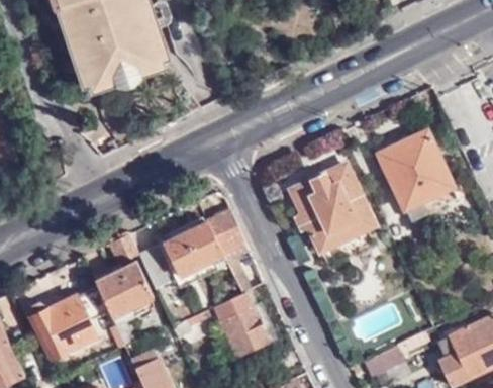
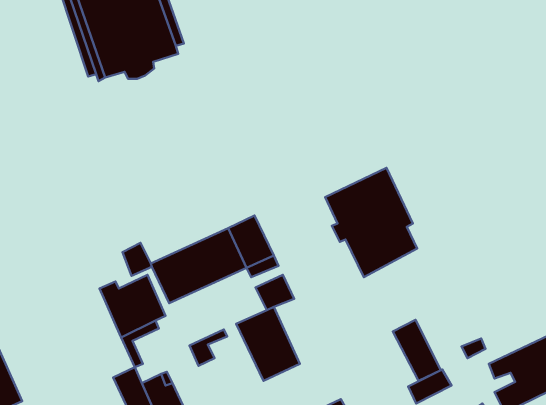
building: [376,131,459,223] -> none
building: [24,286,107,358] -> none
building: none -> [393,320,441,381]

